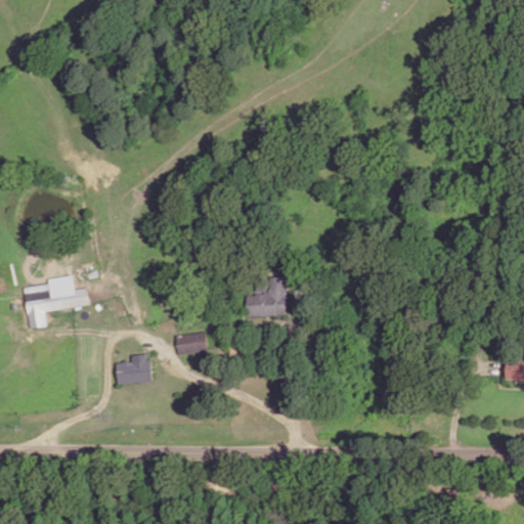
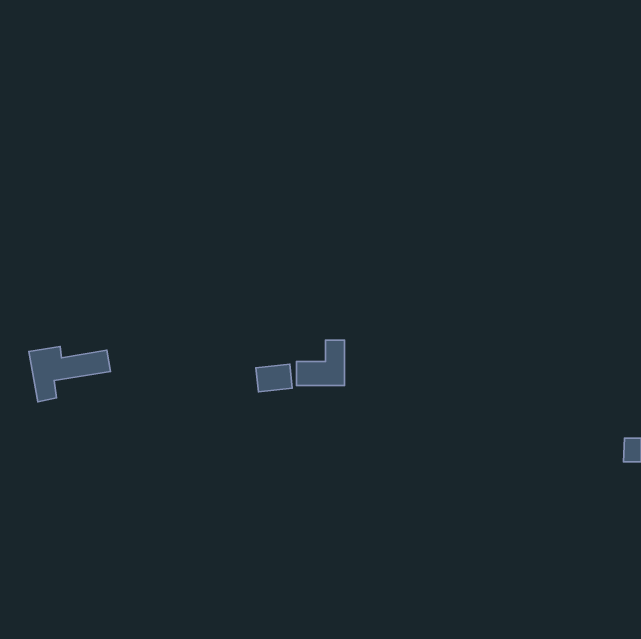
building: [178,332,208,354] -> [256,364,292,392]
building: [118,354,154,384] -> none

